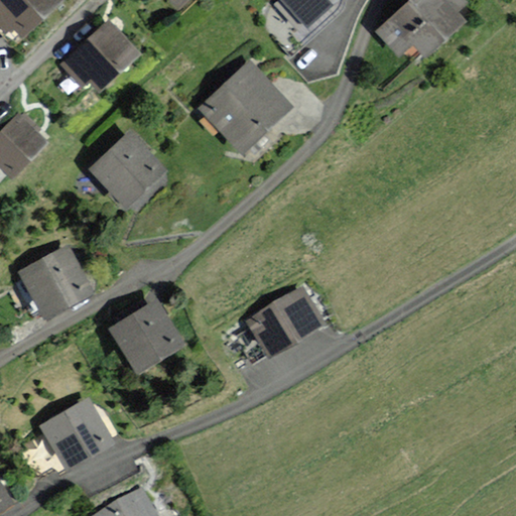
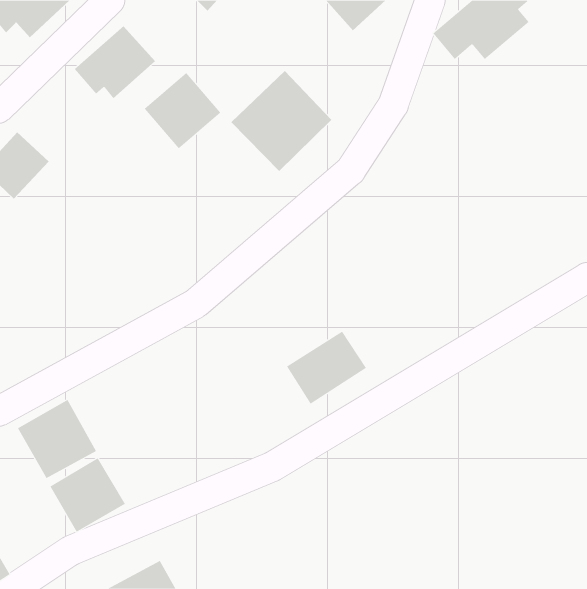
building: [93,134,160,202] -> [144,72,221,149]
building: [21,247,91,316] -> [17,399,97,479]
building: [112,302,180,371] -> none

